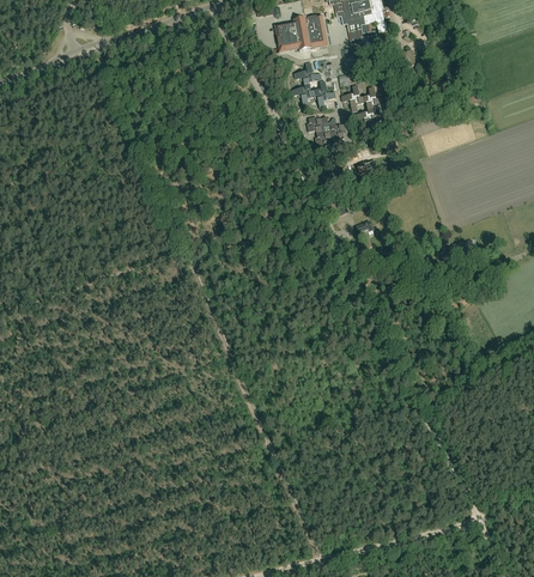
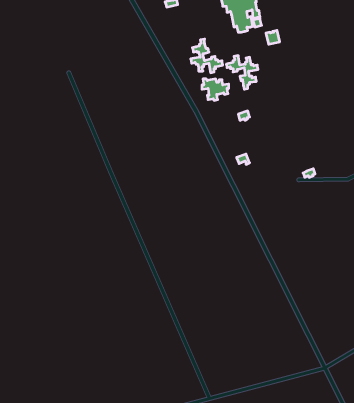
building: [275,13,327,49] -> none

